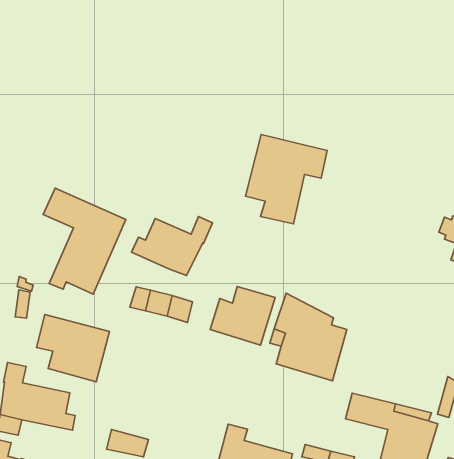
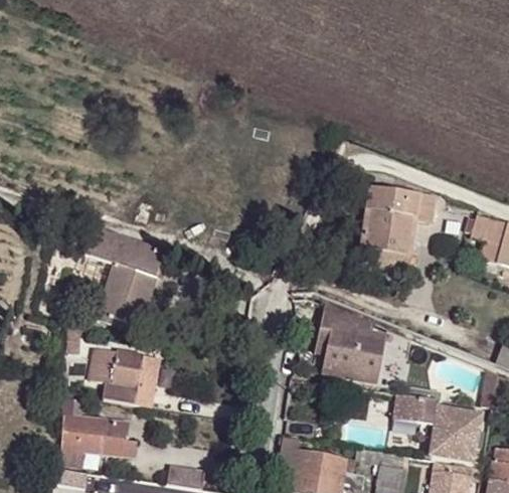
building: [246,134,327,224] -> [361,187,435,270]
building: [131,217,213,276] -> none
building: [210,286,275,345] -> none

